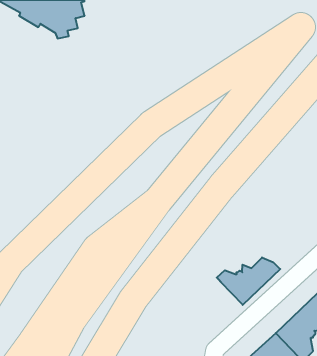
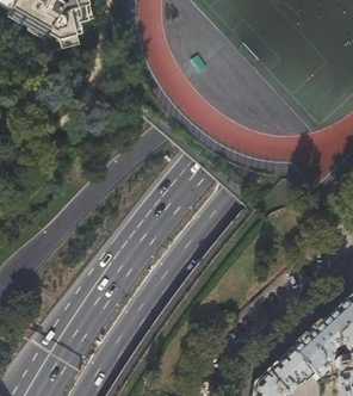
building: [217,257,280,305] -> none

